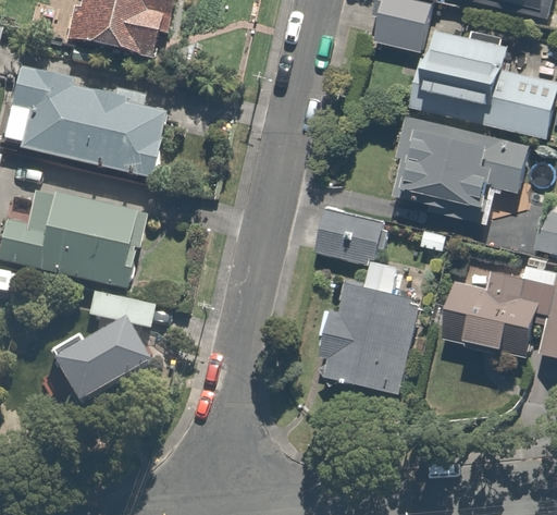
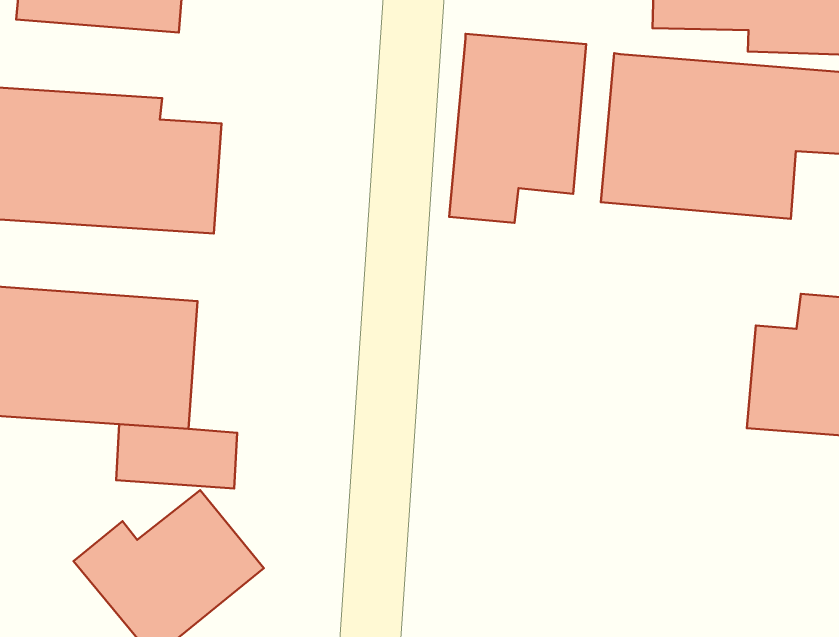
building: none -> [449,34,586,223]
building: [308,204,424,393] -> none

